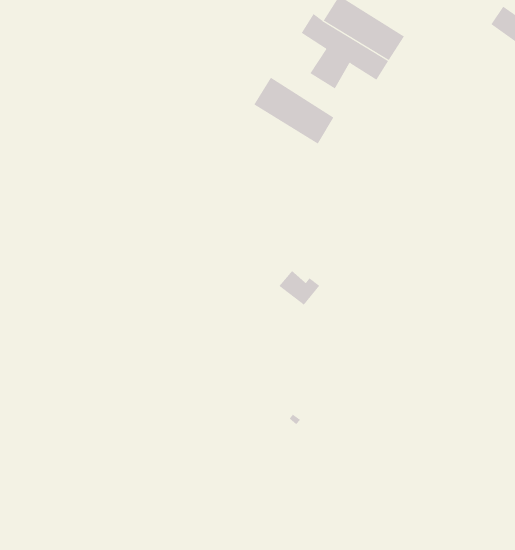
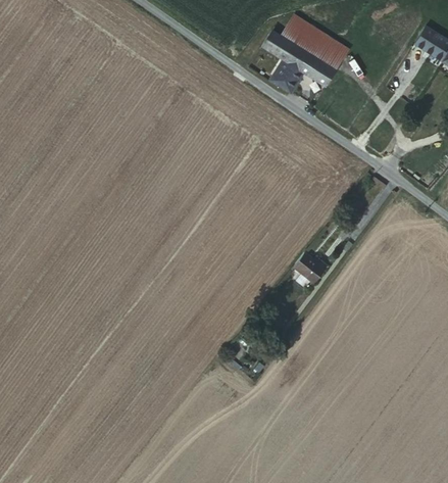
building: [253,77,334,145] -> none
building: [278,270,320,306] -> [291,254,326,284]

